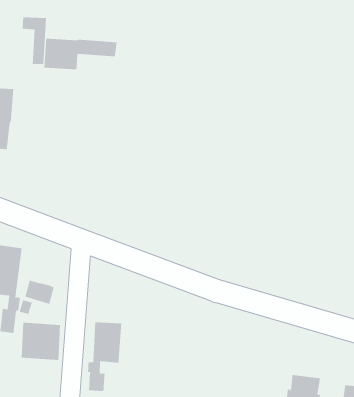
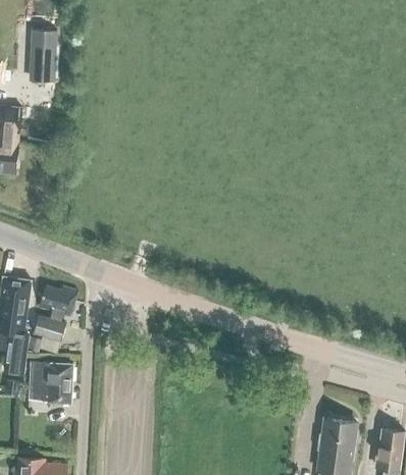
building: [44,38,117,70] -> none
building: none -> [39,284,78,321]
building: [87,321,122,392] -> none

